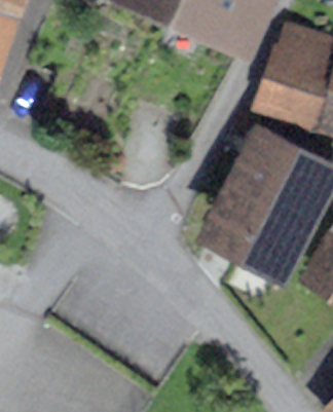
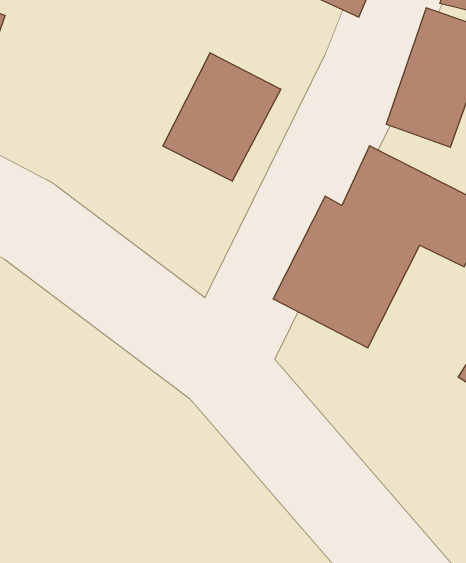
building: none -> [163,53,281,181]

